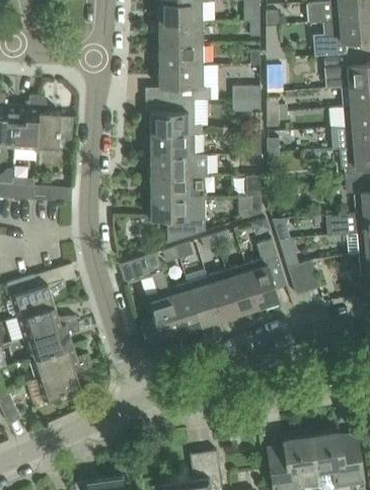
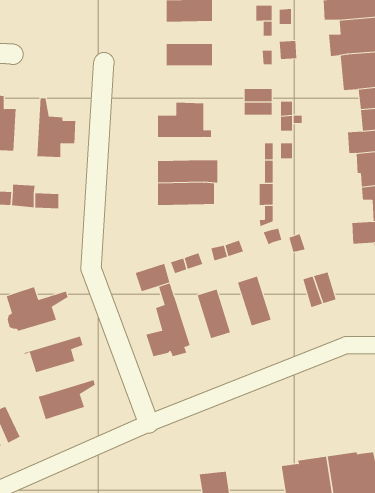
building: [158,22,203,44] -> none
building: [158,65,210,100] -> none
building: [14,94,39,151] -> none
building: [150,133,195,155] -> none
building: [150,197,205,242] -> none
building: [245,238,287,306] -> none
building: [207,271,239,319] -> none
building: [168,283,201,331] -> none
building: [17,306,77,338] -> none
building: [34,346,90,378] -> none

